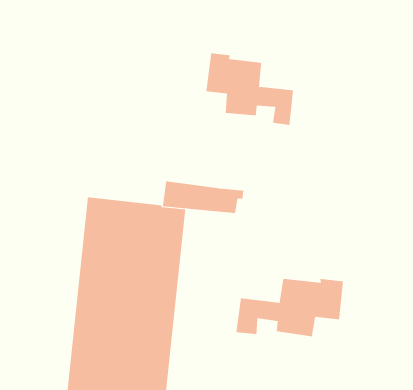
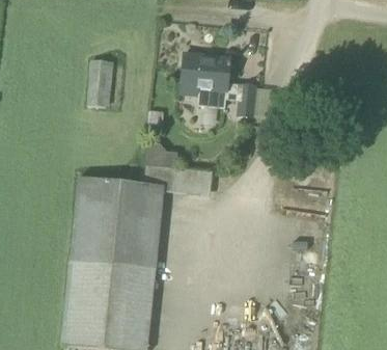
building: none -> [87,59,114,107]
building: [236,273,343,337] -> none

